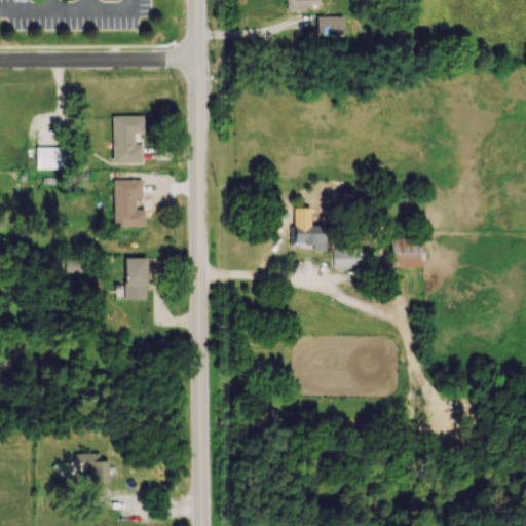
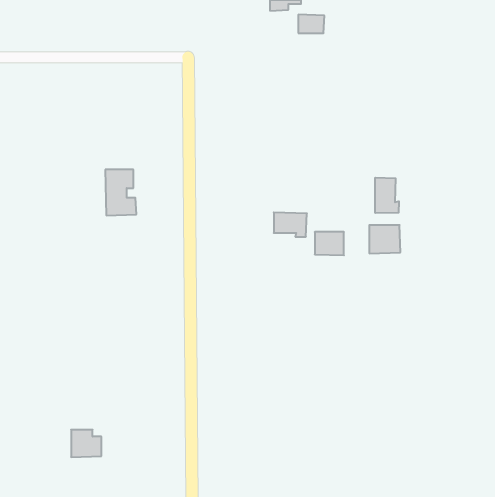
building: [114,116,145,164] -> none
building: [37,147,66,170] -> none
building: none -> [375,178,399,213]
building: [126,258,148,300] -> none

